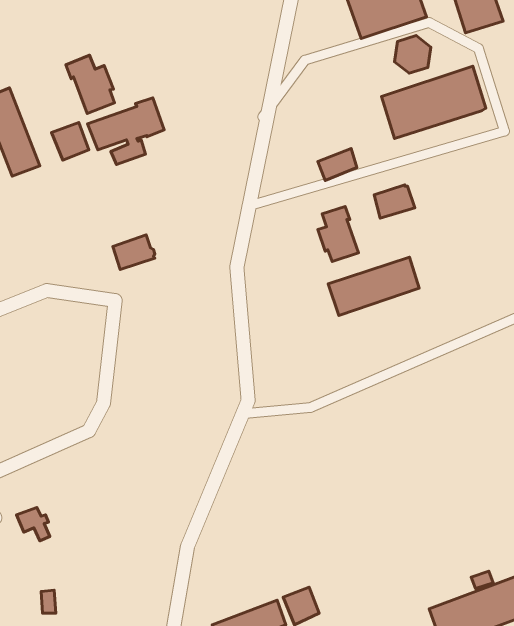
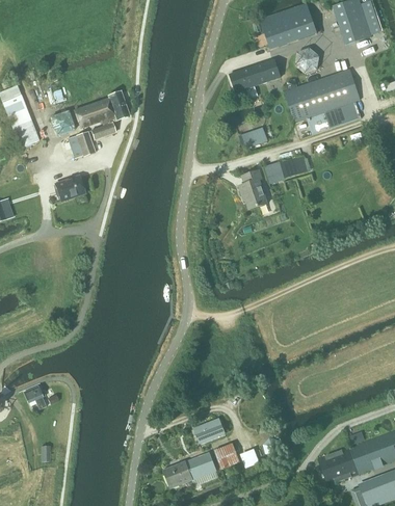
building: none -> [230,58,281,98]
building: [66,55,114,113] -> none
building: none -> [325,102,362,128]
building: none -> [68,131,96,158]
building: [113,235,155,270] -> [55,176,85,201]
building: [328,257,419,316] -> none
building: none -> [193,418,226,443]

